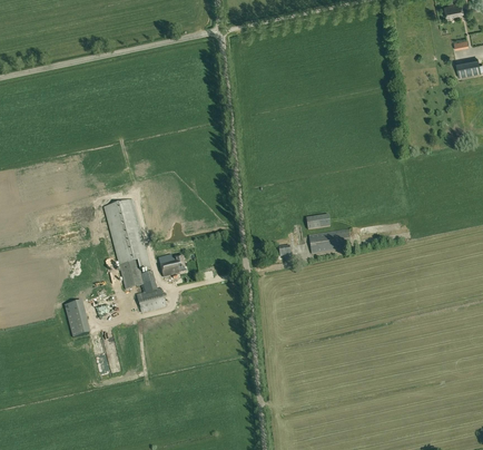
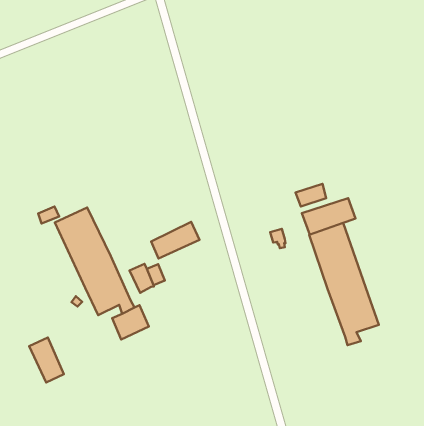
building: none -> [151,222,200,258]
building: none -> [309,223,379,345]

